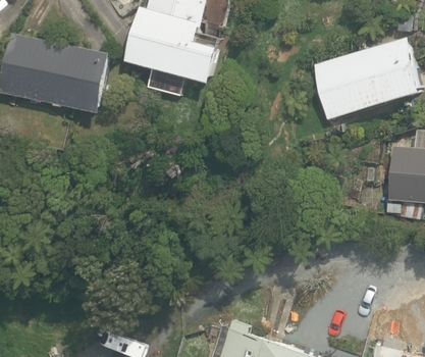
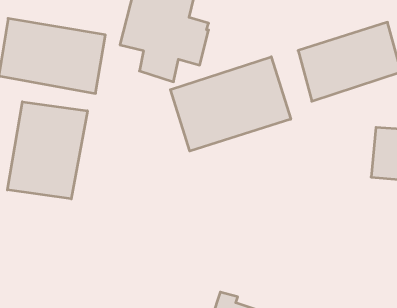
building: none -> [170,57,291,151]
building: none -> [7,102,87,199]

